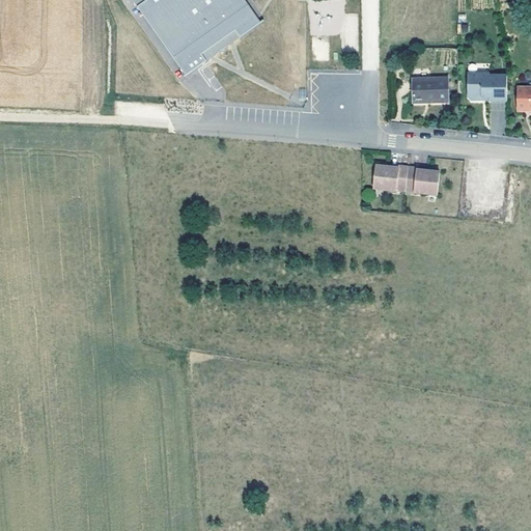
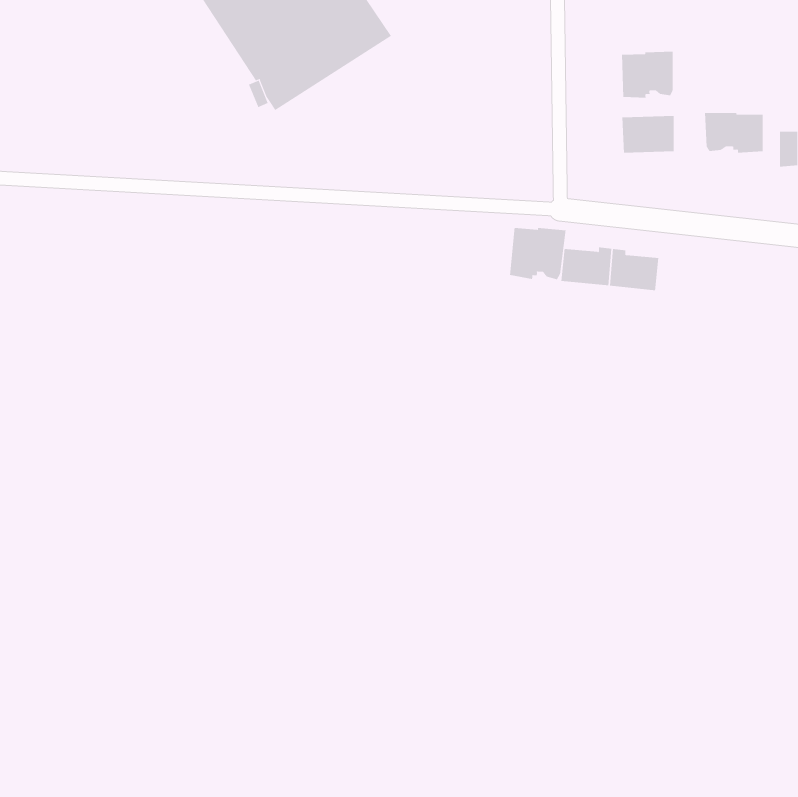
building: none -> [622,51,673,99]
building: none -> [510,227,566,280]

